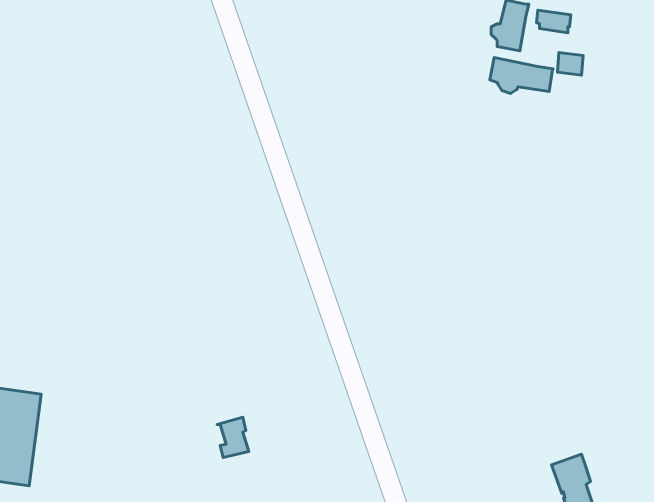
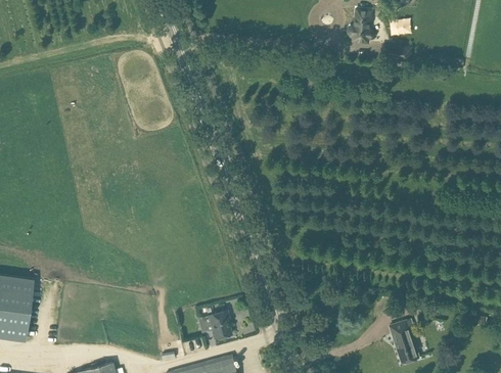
building: [490,57,553,94] -> none
building: [217,417,249,458] -> [210,311,231,338]

